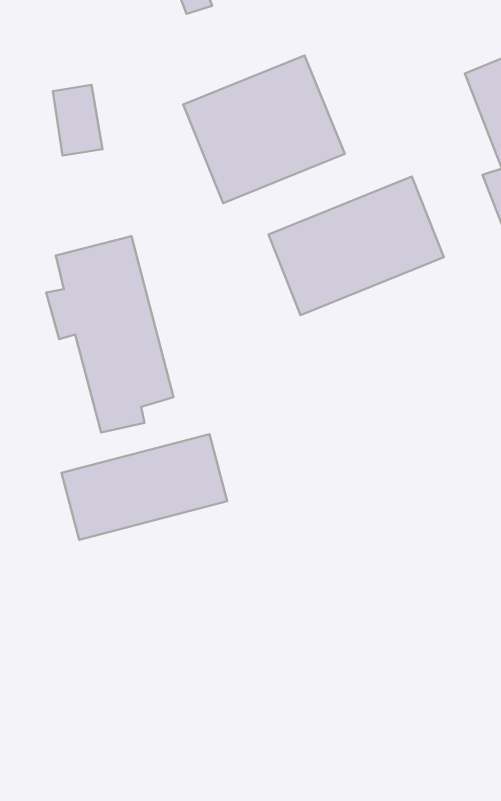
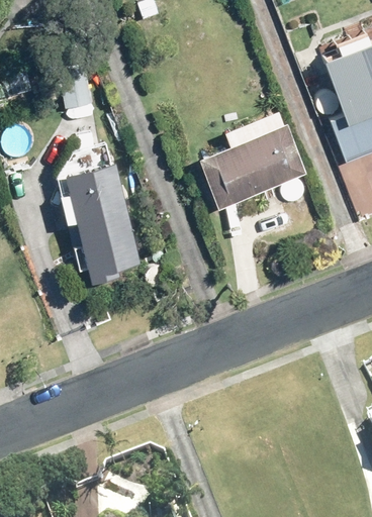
building: [183,55,345,203] -> none
building: [62,434,227,540] -> none

